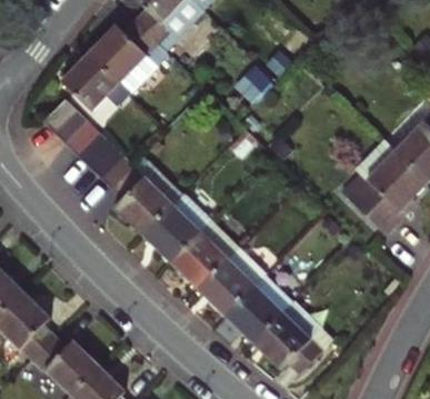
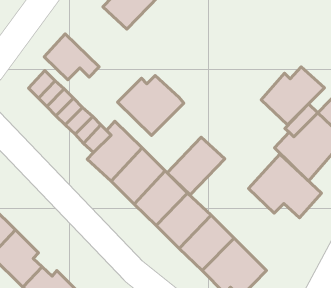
building: [88,23,168,96] -> [118,75,184,135]
building: none -> [261,67,324,125]
building: none -> [167,137,225,195]
building: none -> [249,154,321,218]

